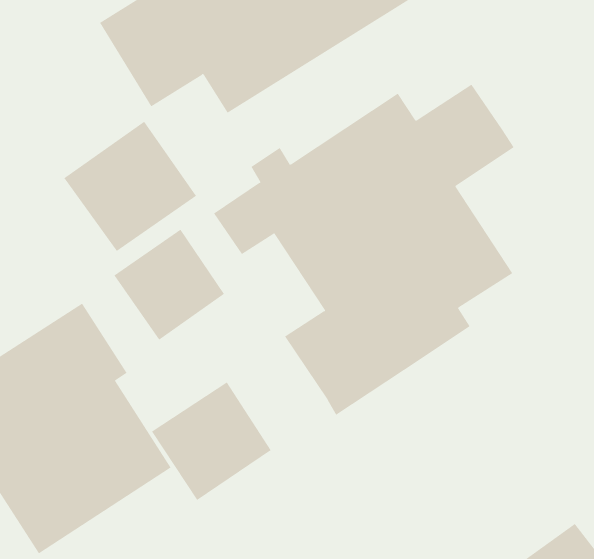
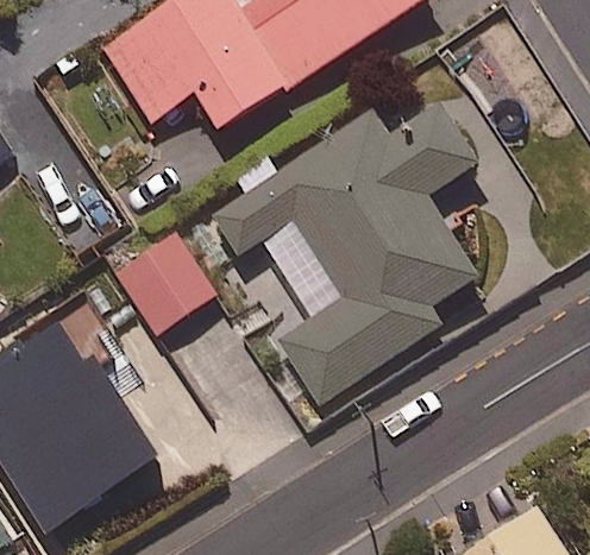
building: [63,121,197,252] -> none
building: [151,382,272,501] -> none

